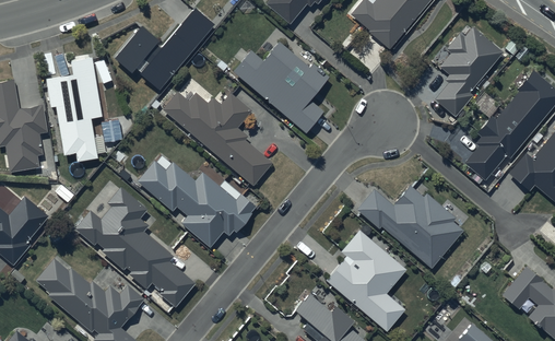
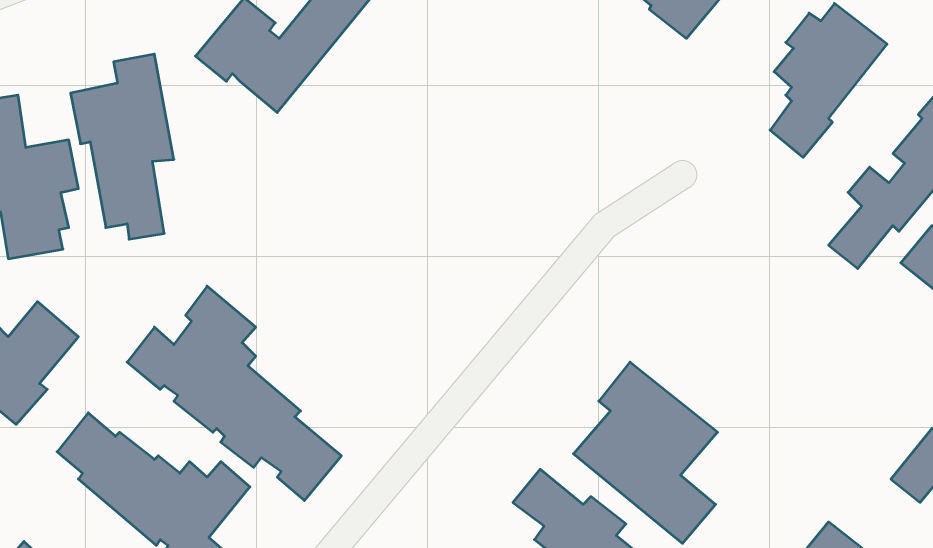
building: [233,40,328,133] -> none
building: [163,92,273,186] -> none
building: [138,155,256,247] -> none
building: [356,186,462,267] -> none

